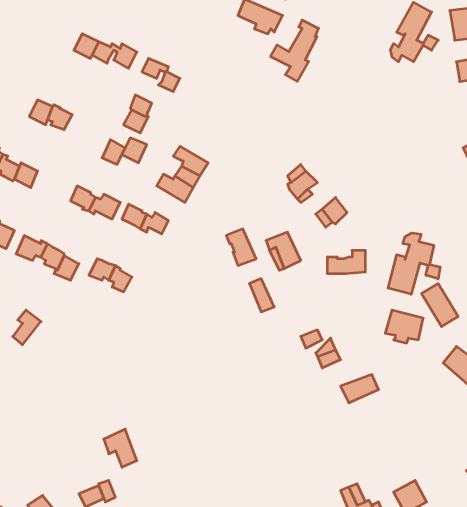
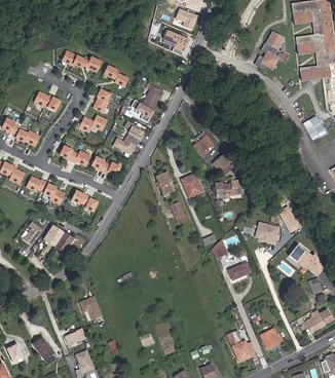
building: [271,20,319,81] -> [131,84,160,122]
building: [388,233,440,294] -> none
building: none -> [43,225,73,253]

